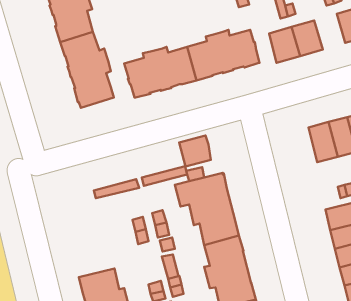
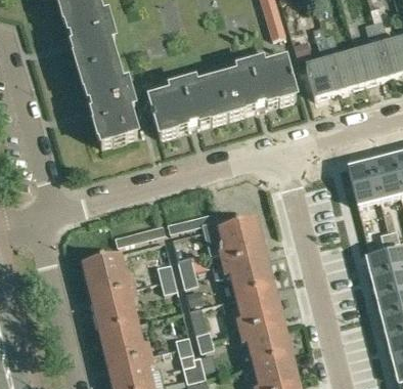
building: none -> [354,41,388,80]
building: [179,136,211,167] -> none
building: none -> [82,249,137,328]

